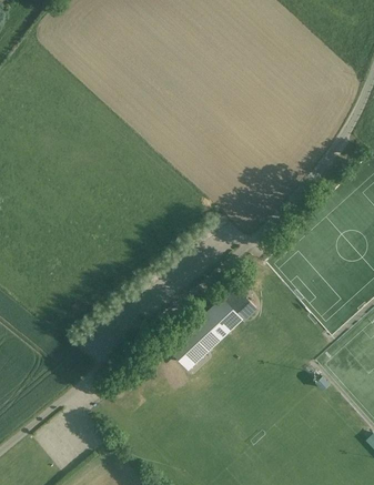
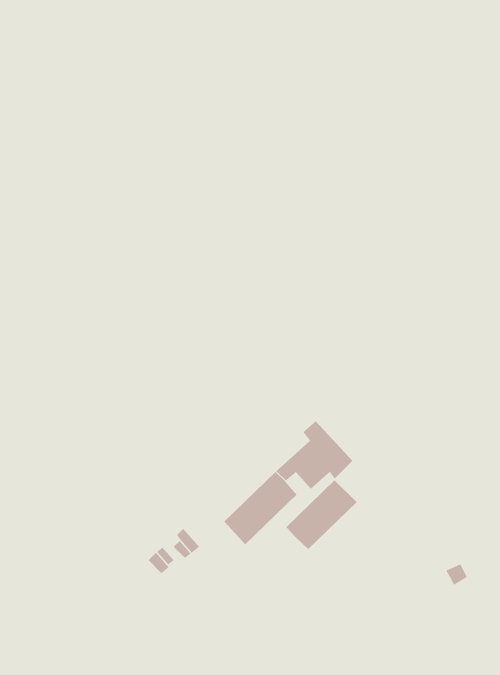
building: none -> [285,479,357,550]

